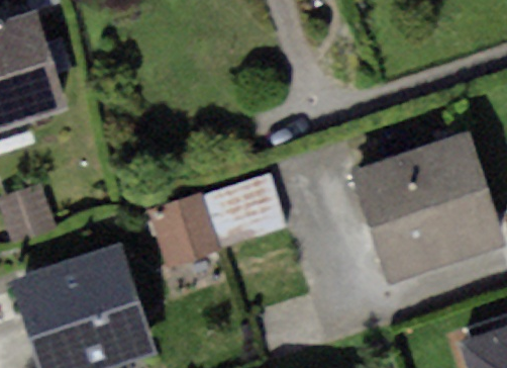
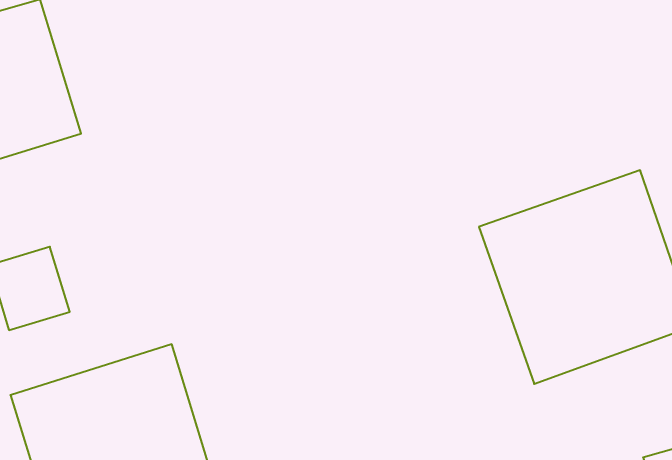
building: [156,173,286,263] -> none

